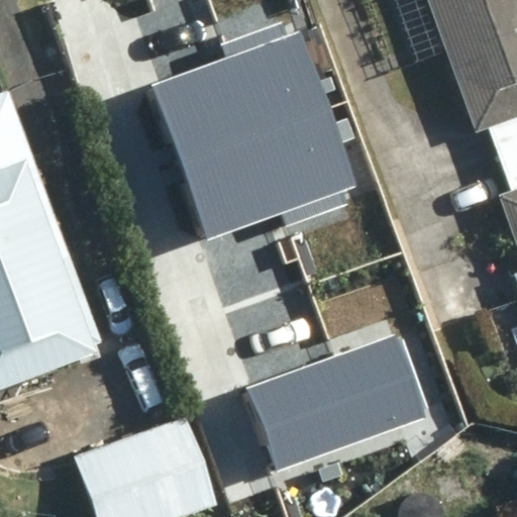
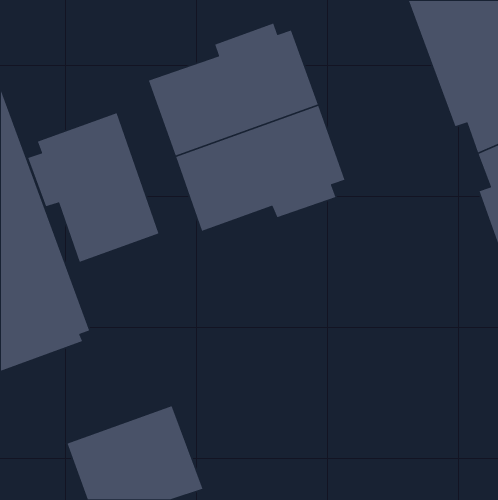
building: none -> [27,112,160,263]
building: [247,332,433,473] -> none

